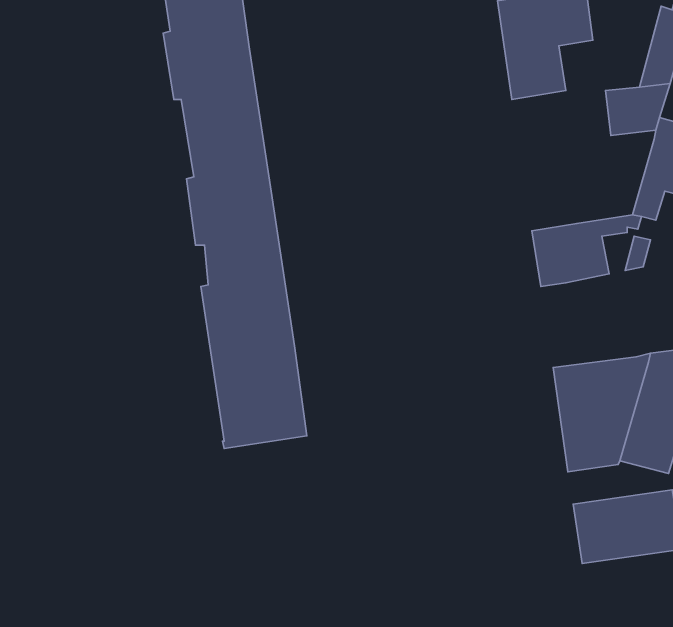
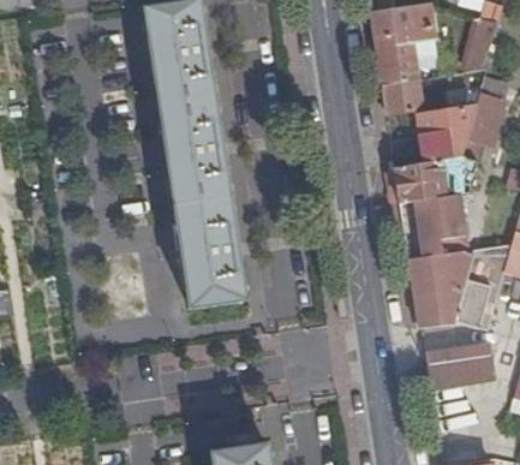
building: none -> [381,72,420,113]
building: none -> [418,105,476,161]
building: none -> [417,195,465,249]

